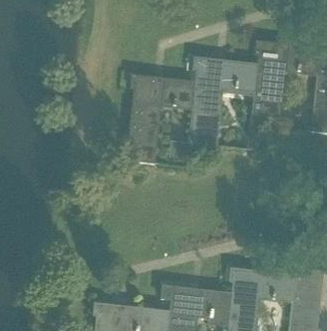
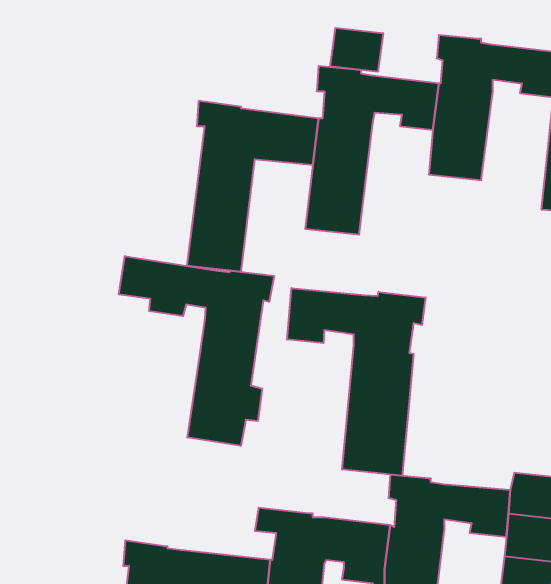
building: none -> [330,28,383,72]
building: none -> [119,256,274,446]
building: none -> [287,288,426,476]

